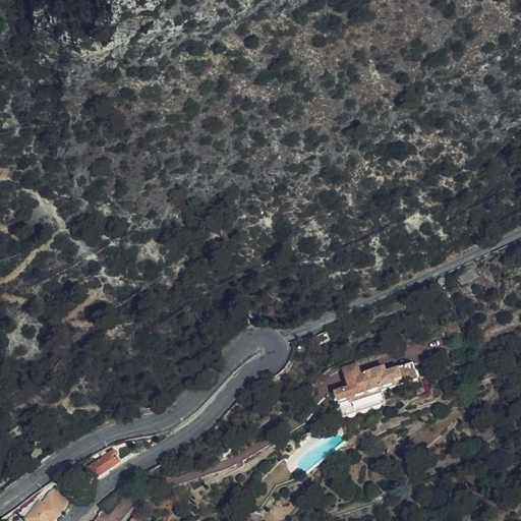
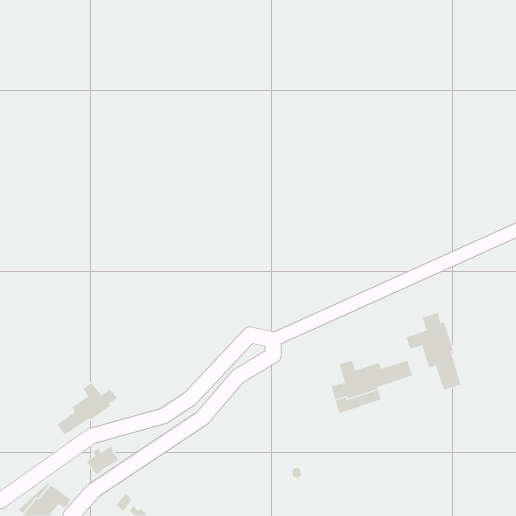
building: none -> [406,312,461,391]
building: none -> [57,382,118,436]

